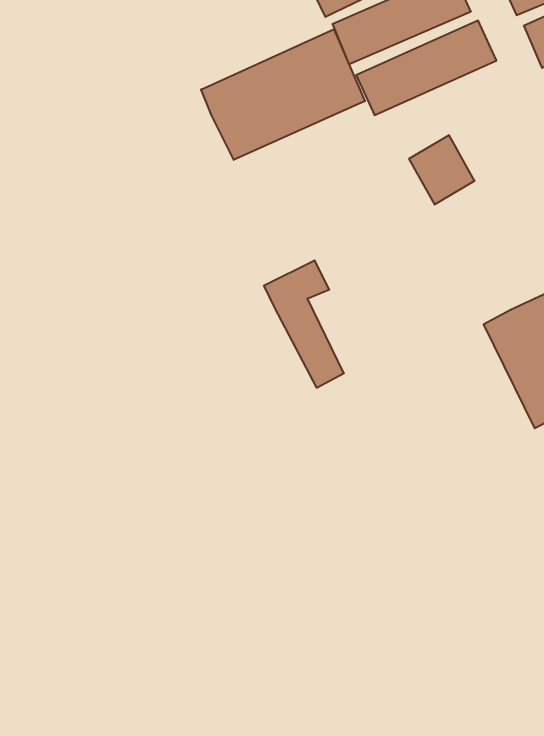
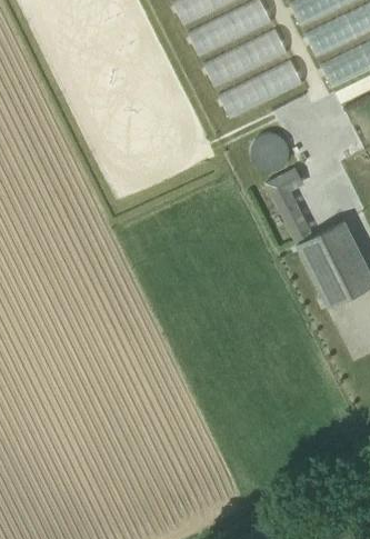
building: [201,29,365,160] -> none
building: [264,260,344,388] -> [263,167,312,244]

